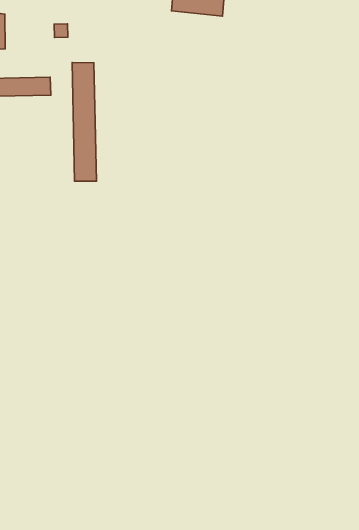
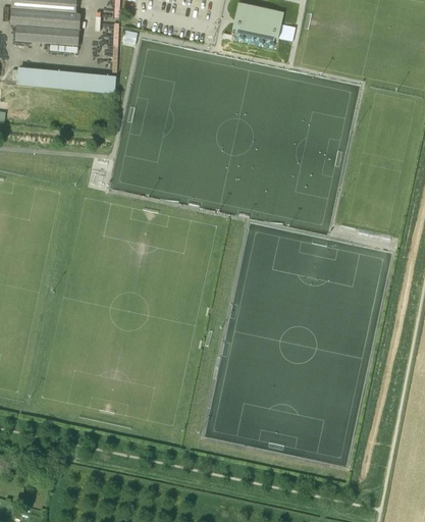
building: [72,63,96,181] -> none

